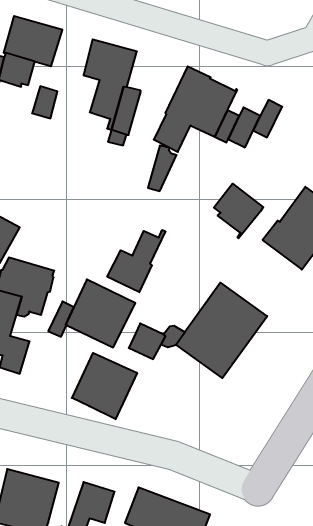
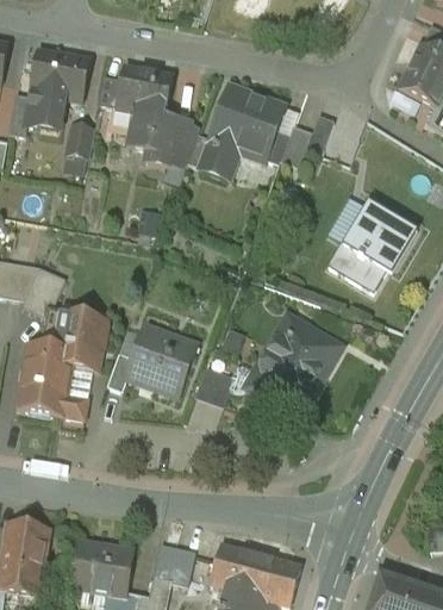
building: [148,146,177,191] -> [173,118,200,167]
building: [214,184,263,238] -> none
building: [107,230,165,292] -> none
building: [72,353,137,419] -> none

